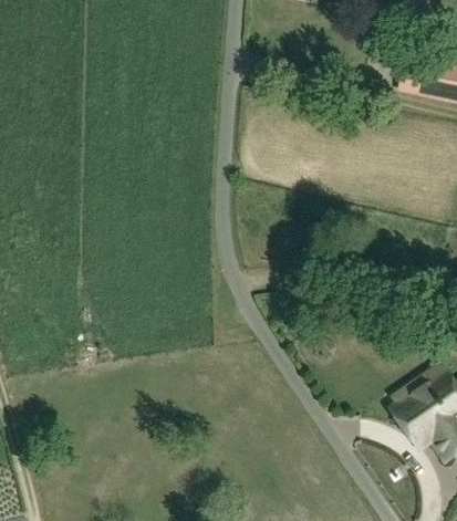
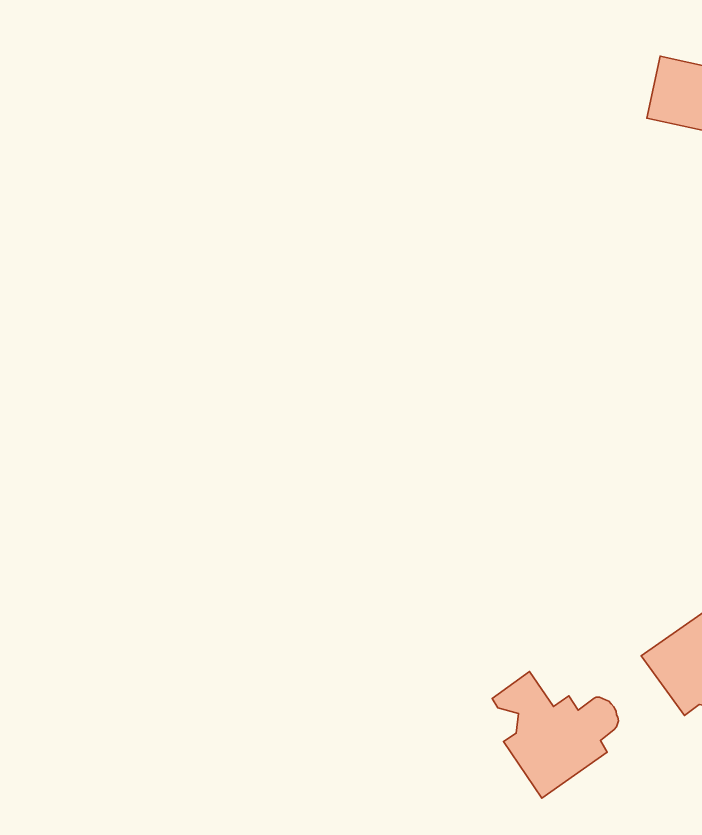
building: none -> [492,672,618,798]

